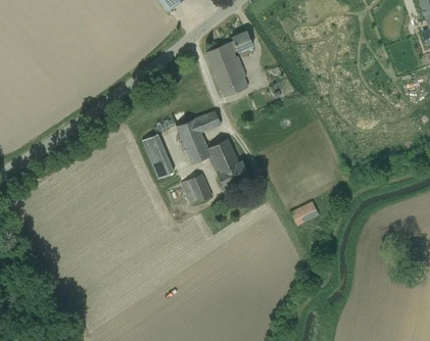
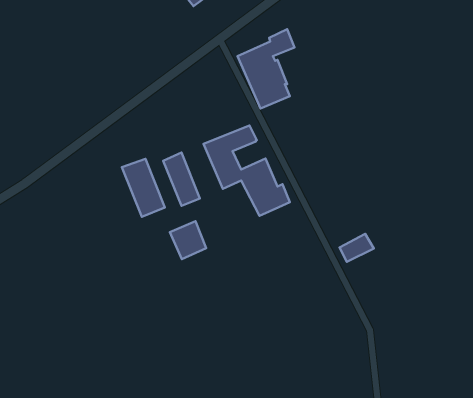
building: none -> [122,159,165,217]
building: [182,173,212,204] -> [170,221,206,259]

